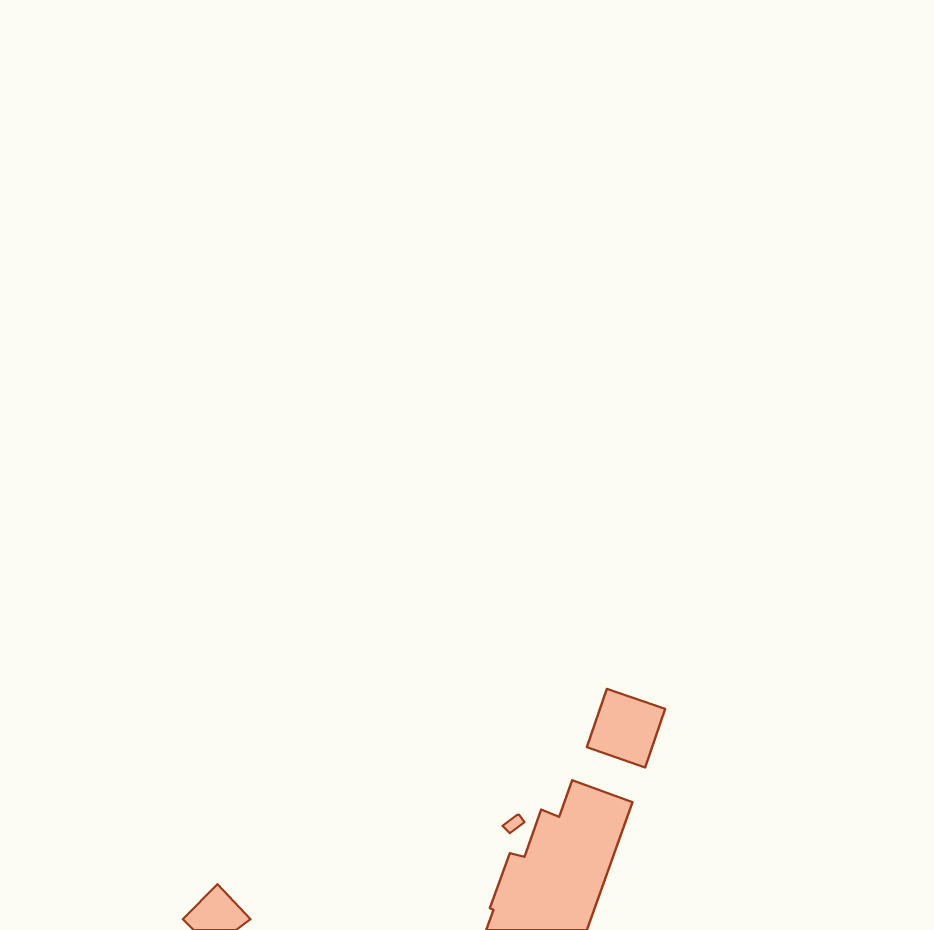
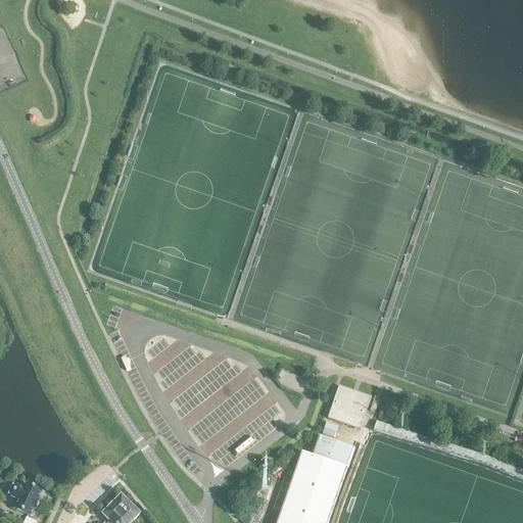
building: none -> [12,484,42,515]

